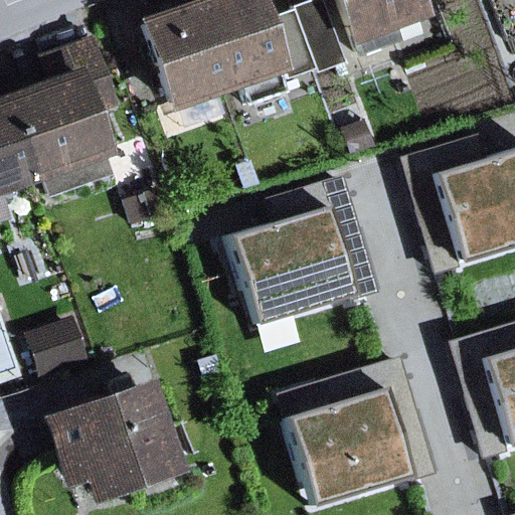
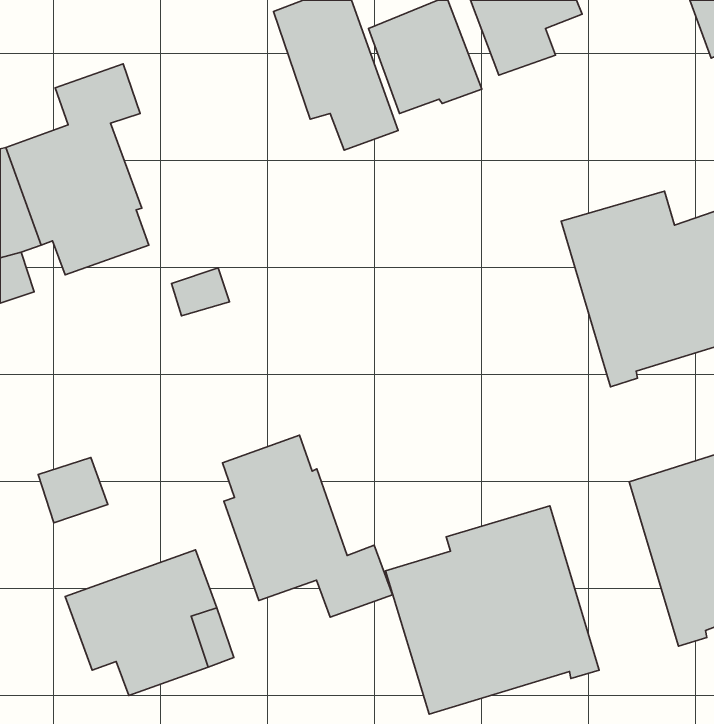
building: [149,8,227,102] -> none
building: [228,178,375,326] -> none
building: none -> [223,435,393,617]

